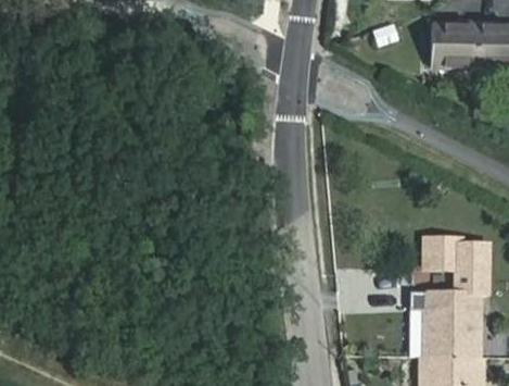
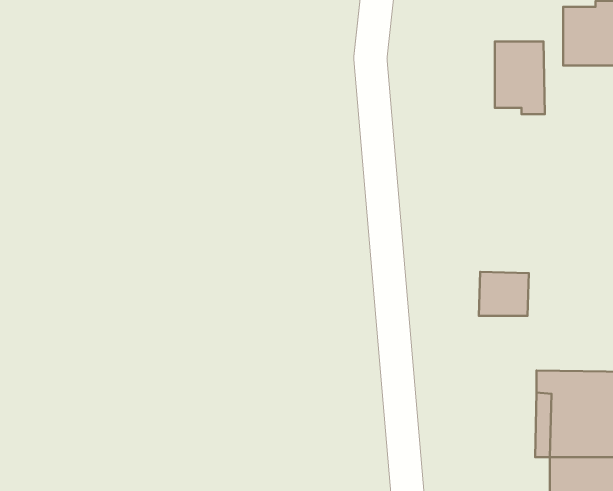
building: none -> [495,42,545,114]
building: [428,236,465,269] -> [479,272,529,316]

